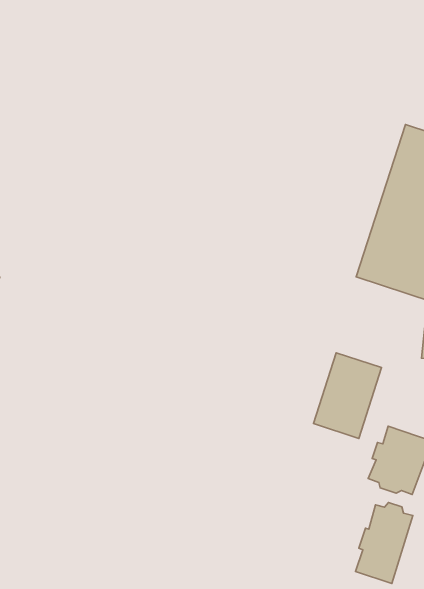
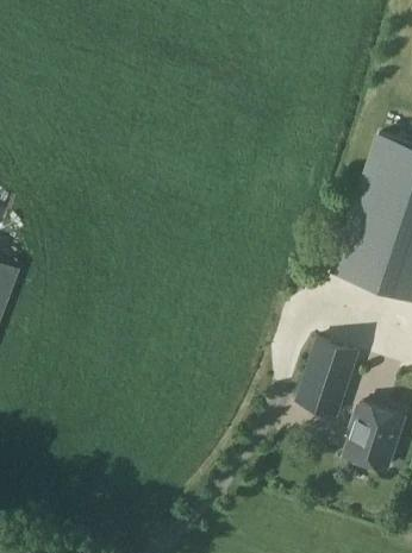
building: [355,503,413,584] -> none

